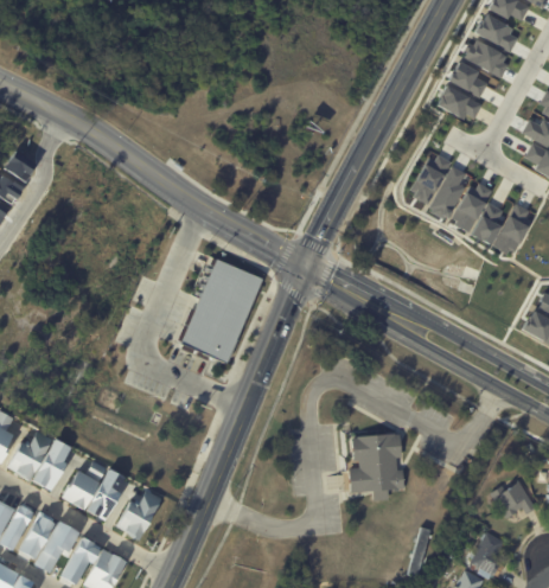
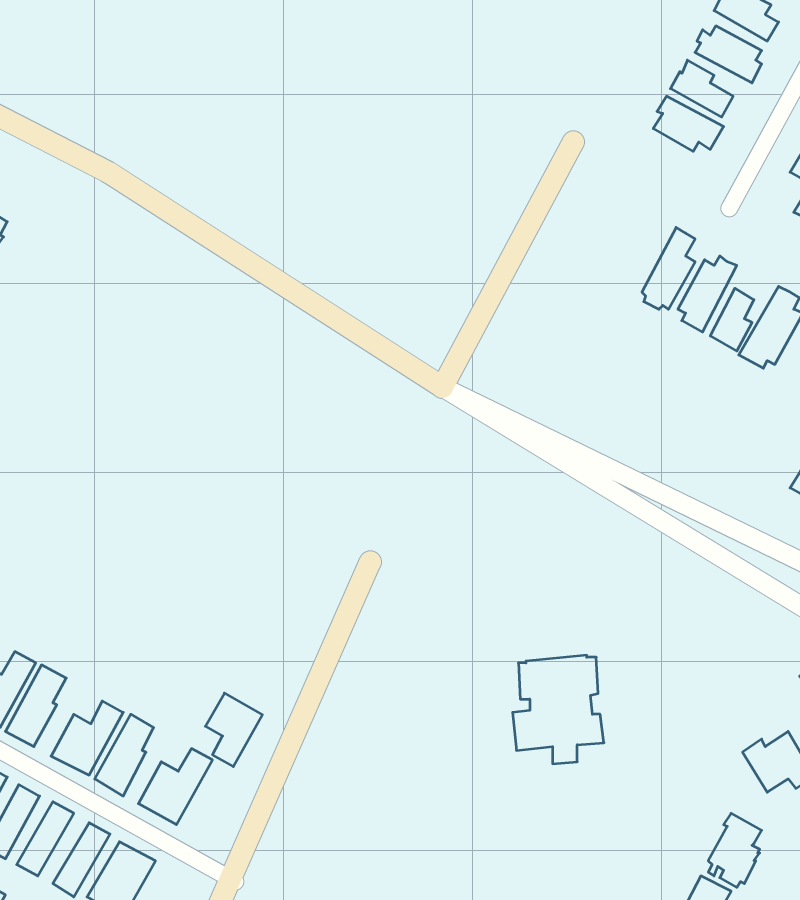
building: [410,154,451,205] -> none
building: [181,258,262,359] -> none
building: none -> [205,693,262,767]

